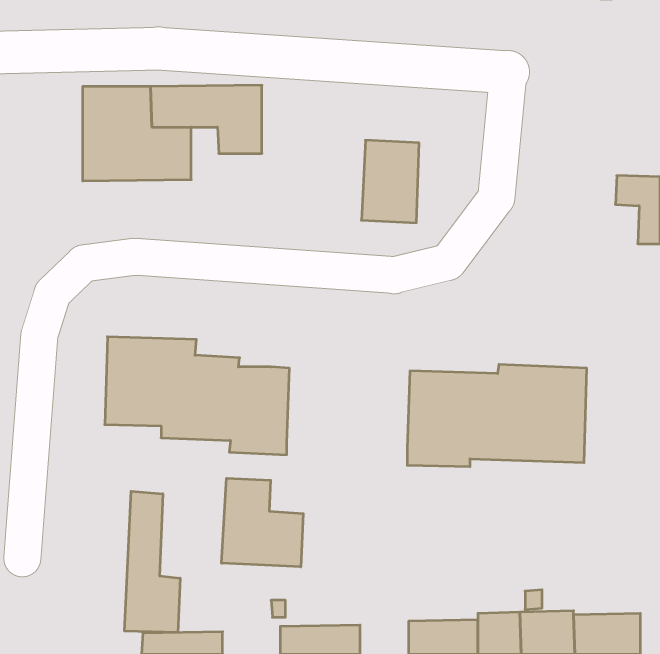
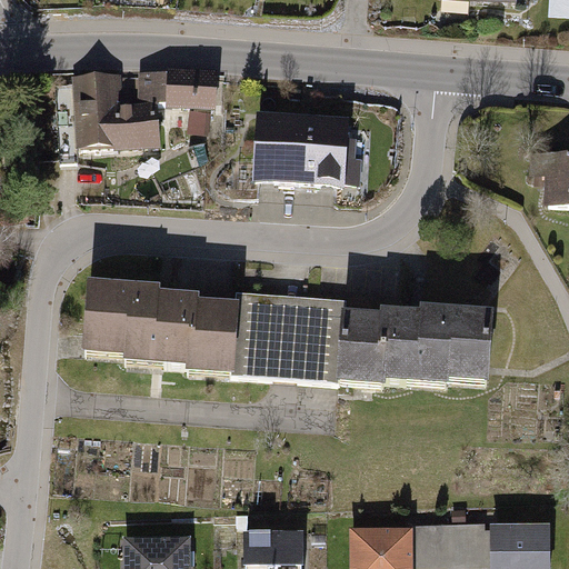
building: none -> [254,116,310,187]
building: none -> [230,288,349,380]
building: [222,478,303,567] -> none
building: [125,491,180,632] -> none

